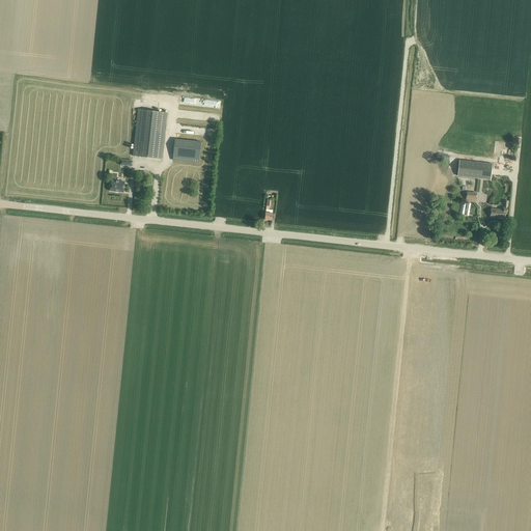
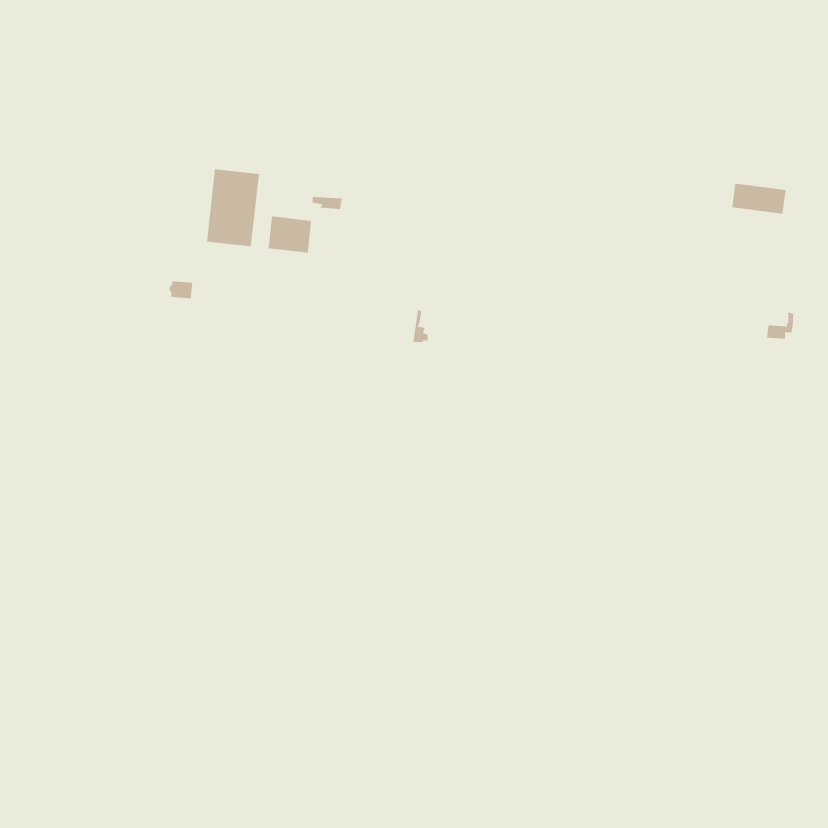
building: [456,159,492,178] -> [731,183,787,214]

